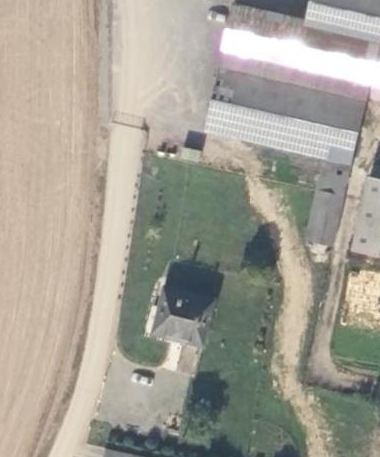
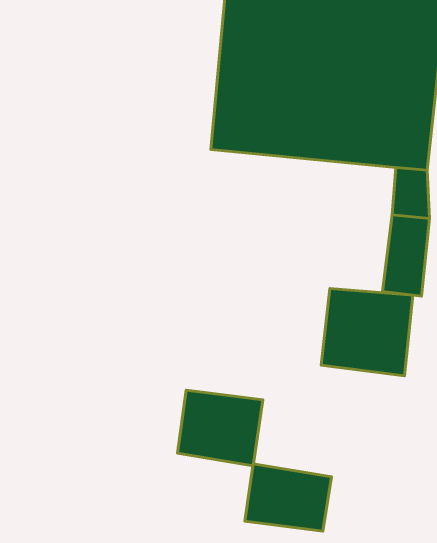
building: none -> [321,289,413,376]
building: none -> [245,464,332,531]

